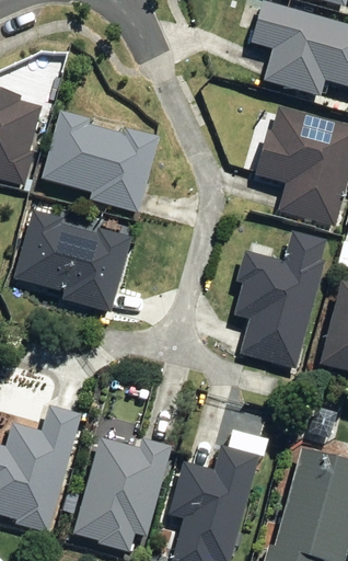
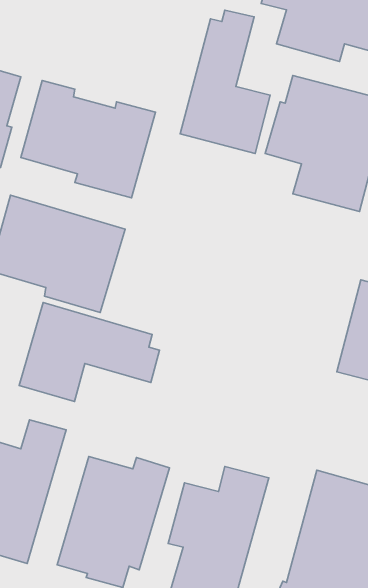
building: none -> [180,10,270,153]
building: [235,232,327,366] -> none
building: none -> [19,302,159,401]

